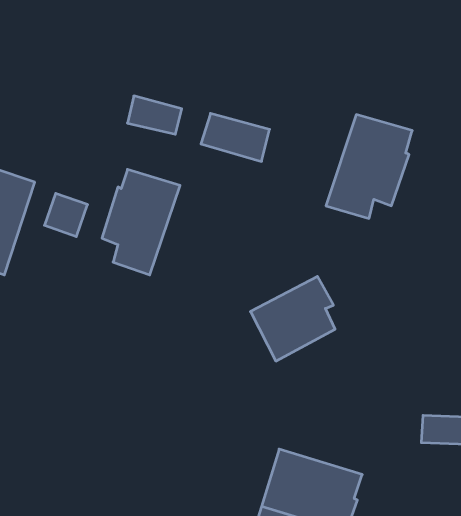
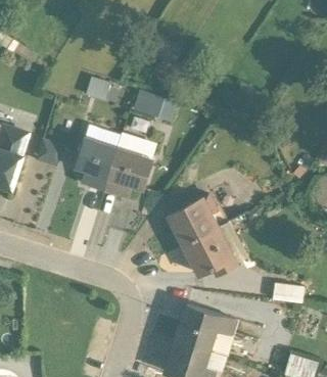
building: [326,115,412,218] -> [103,134,158,200]
building: none -> [184,223,249,278]

